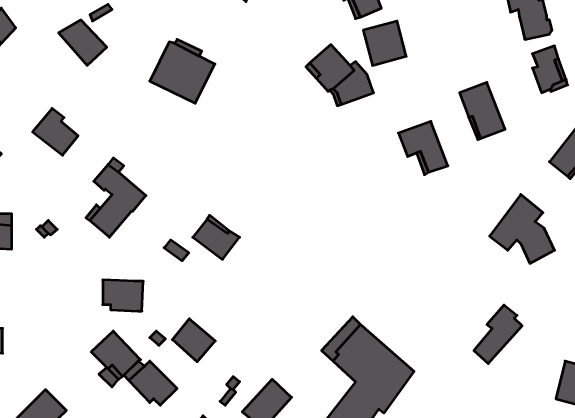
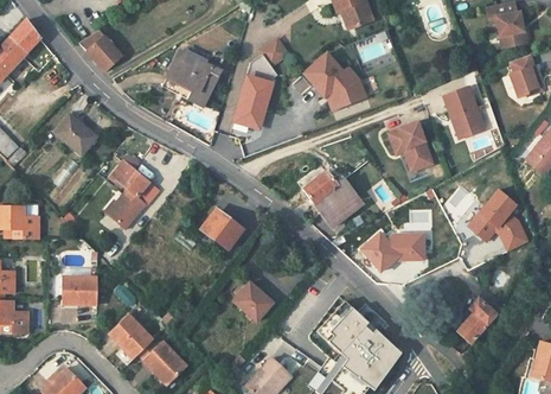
building: none -> [235,38,288,126]
building: none -> [302,171,363,227]
building: none -> [363,233,423,271]
building: [103,280,143,311] -> [60,275,97,304]
building: [172,319,215,362] -> [233,281,273,320]

